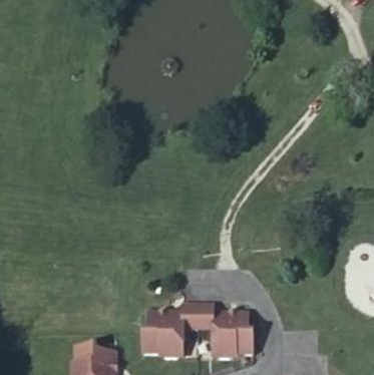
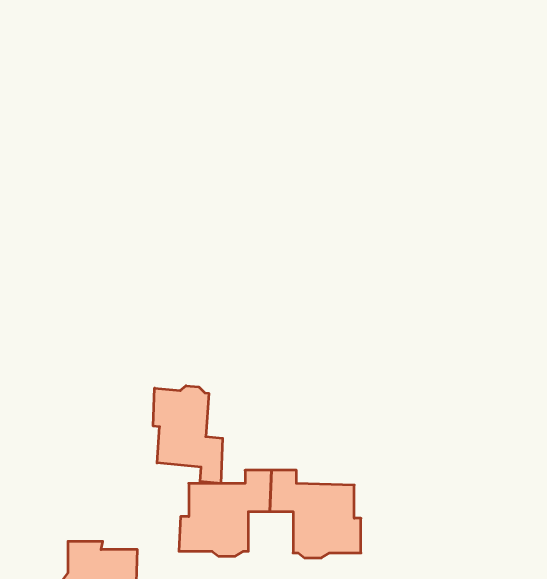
building: none -> [153,386,223,483]

